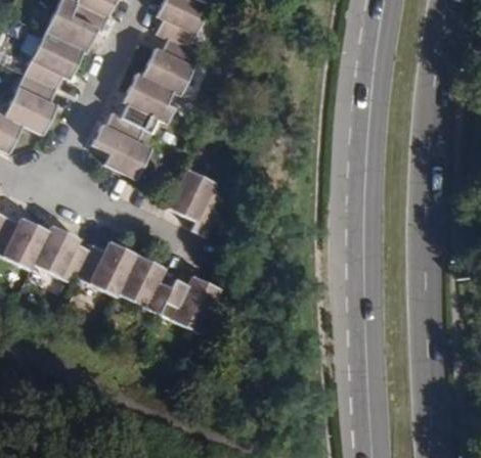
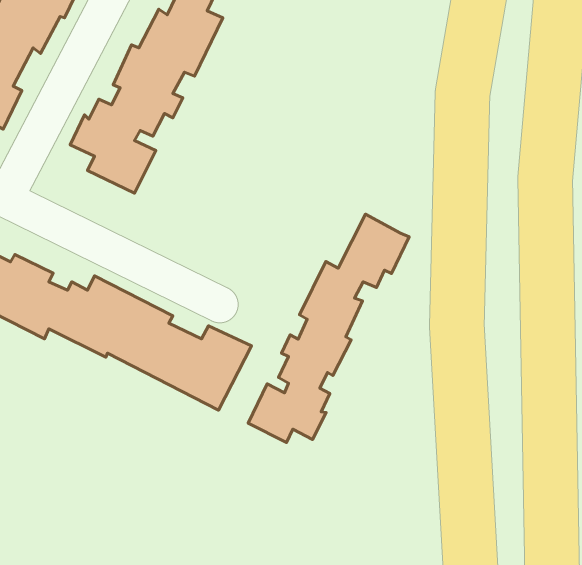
building: [167,169,219,237] -> none
building: none -> [248,214,409,442]

